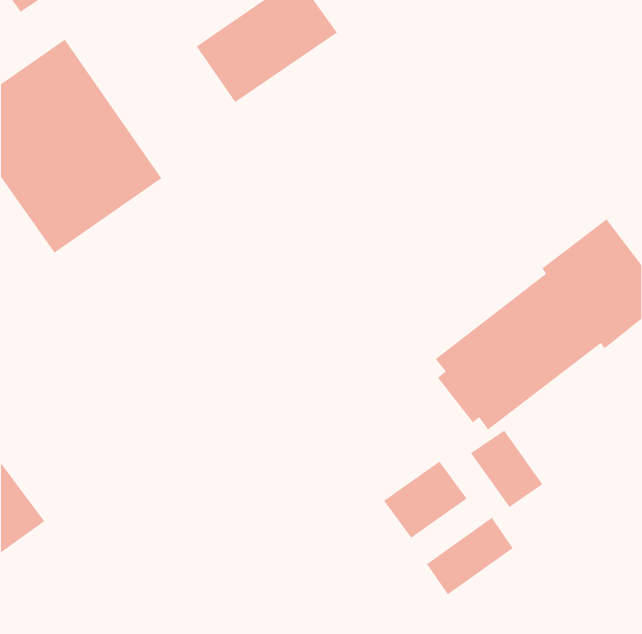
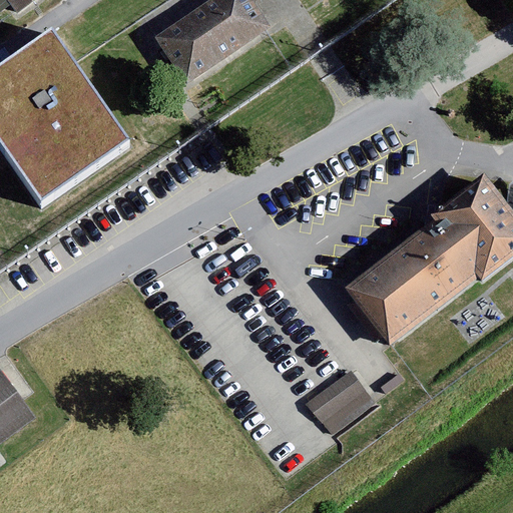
building: [470,430,543,508] -> none
building: [426,517,513,595] -> none

